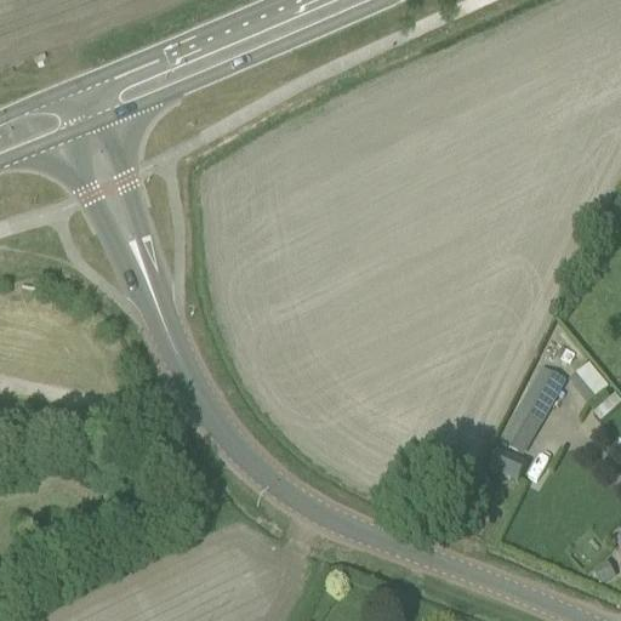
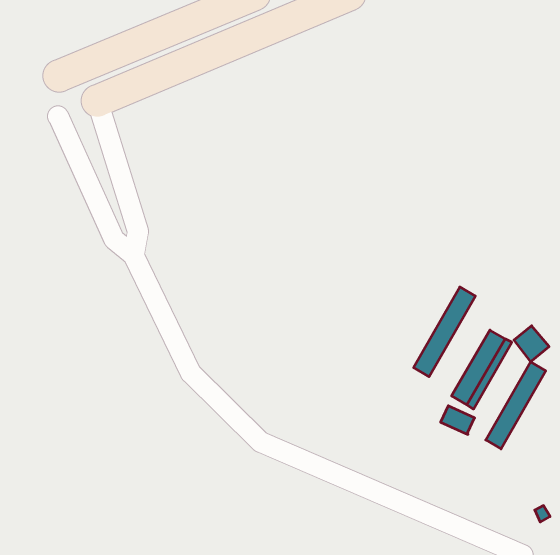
building: none -> [414,287,475,377]
building: none -> [486,362,546,449]

